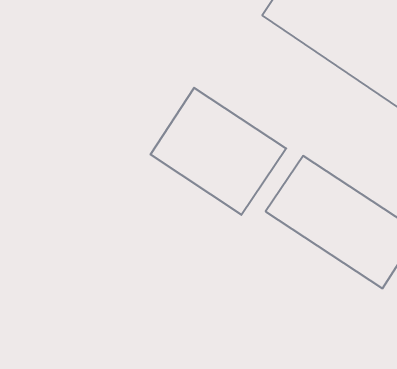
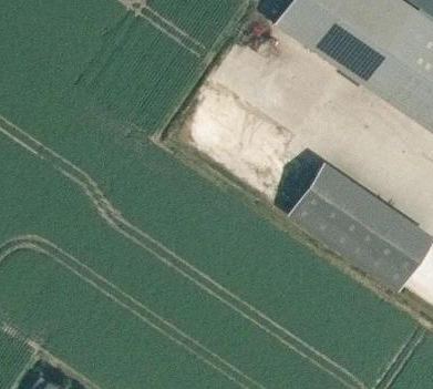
building: [151,88,286,215] -> none

